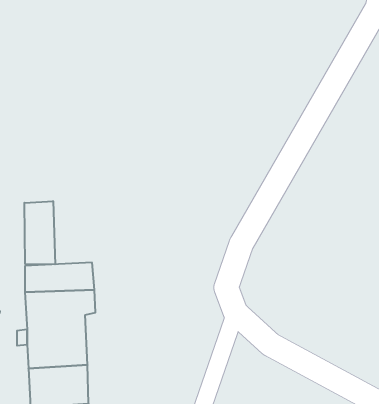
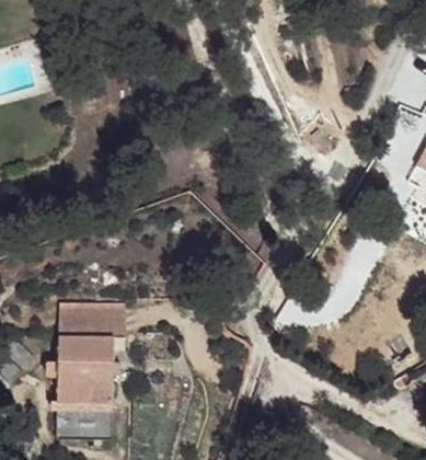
building: [24,201,55,264] -> none

